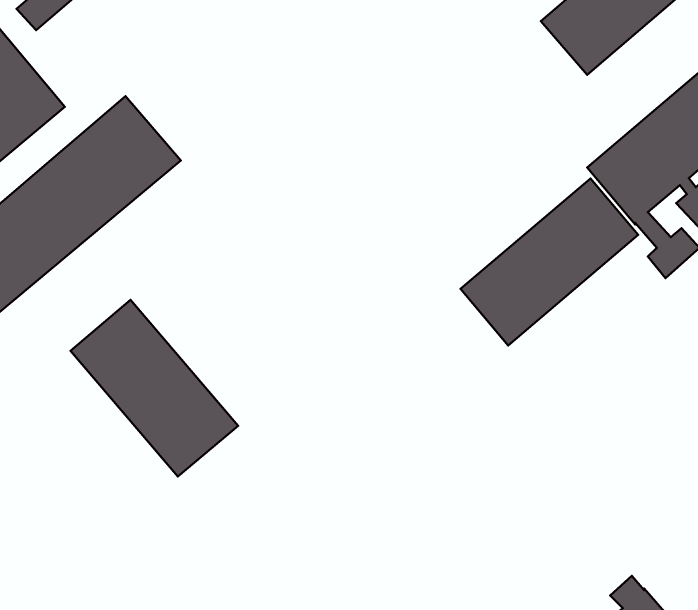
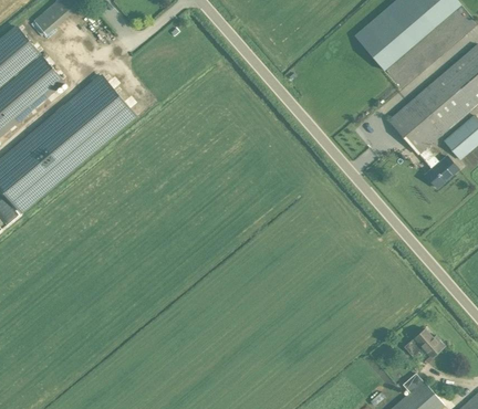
building: [461,178,638,345] -> none
building: [71,300,238,477] -> none
building: none -> [403,329,444,359]

